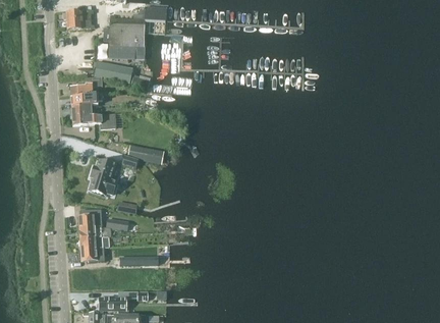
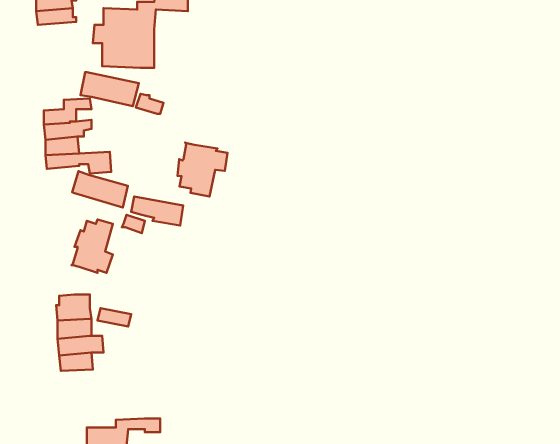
building: none -> [178,142,228,196]
building: none -> [72,171,128,207]

